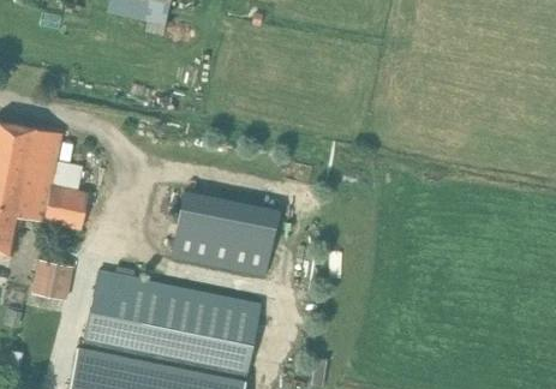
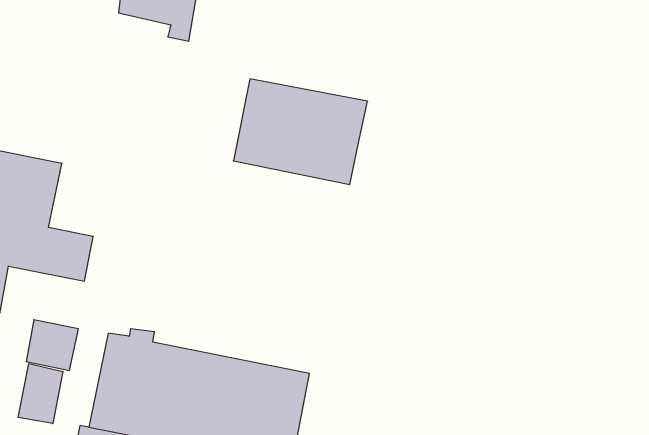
building: [171,192,279,277] -> [233,79,368,185]
building: none -> [18,364,63,424]

